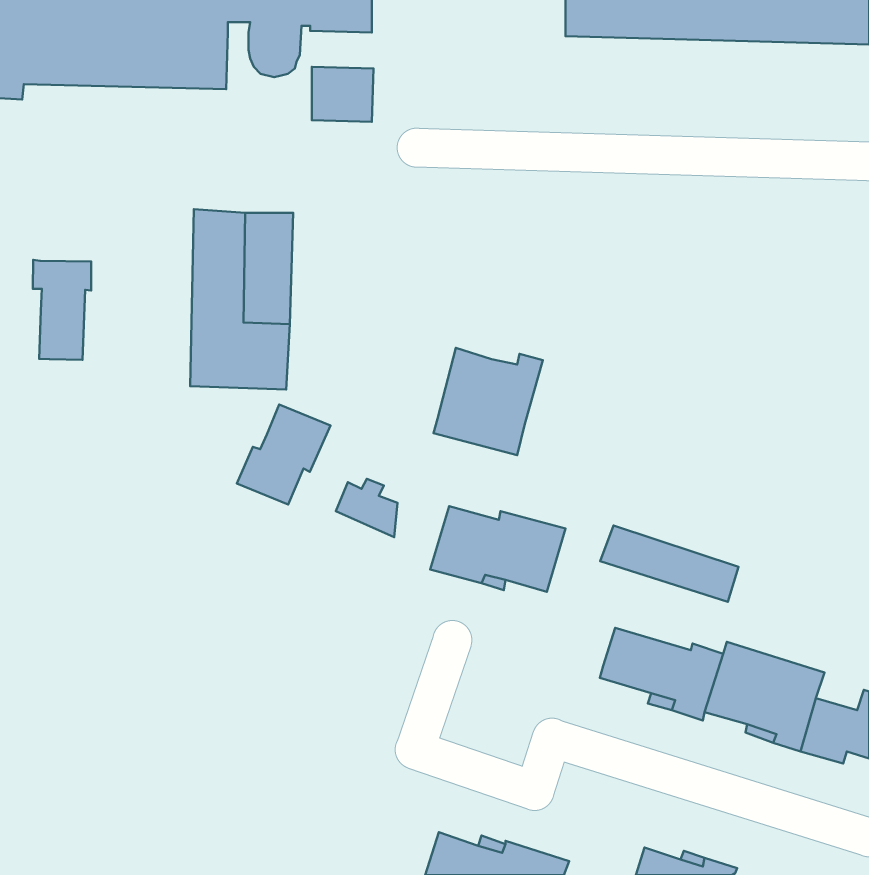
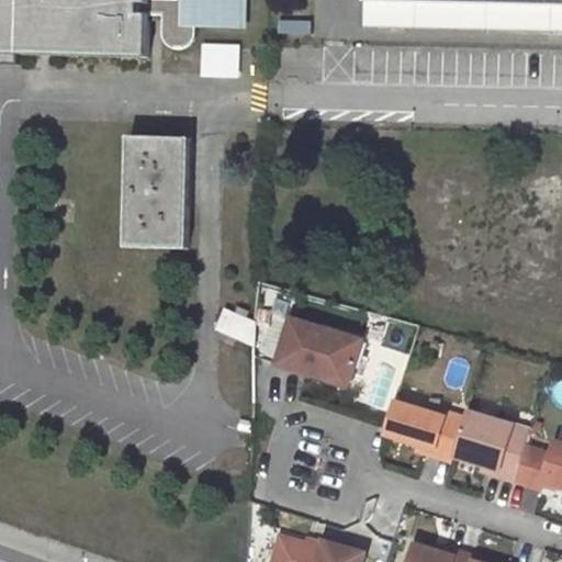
building: [33,260,91,360] -> none
building: [433,348,543,455] -> none
building: [237,405,330,504] -> none
building: [600,526,739,602] -> none

